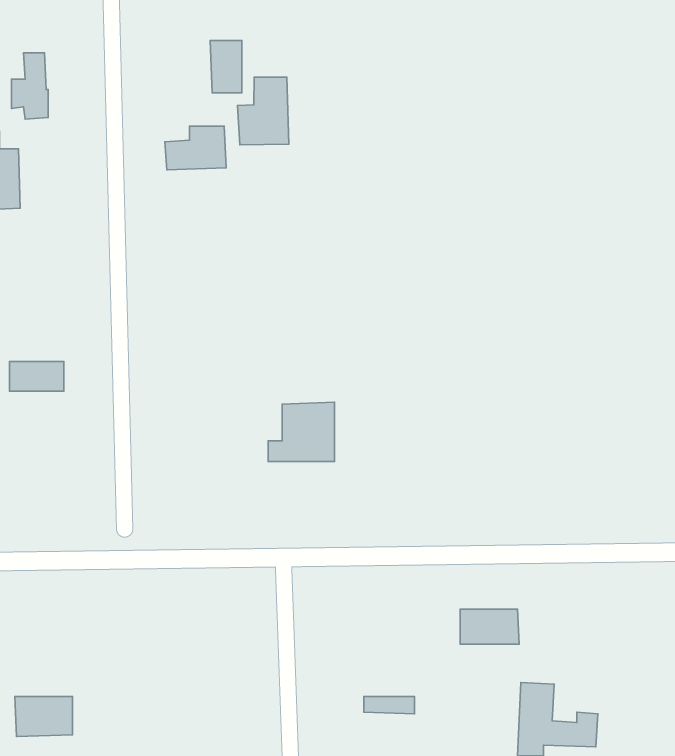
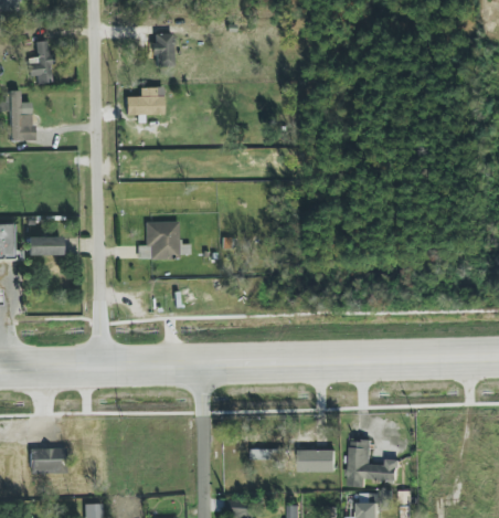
building: [237,77,289,145] -> none
building: [268,402,334,462] -> [137,221,179,258]
building: [460,609,519,644] -> [298,450,336,472]

